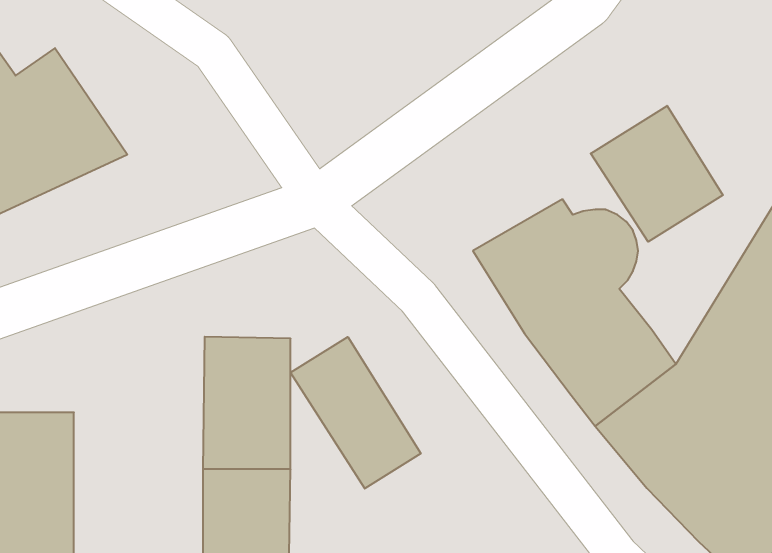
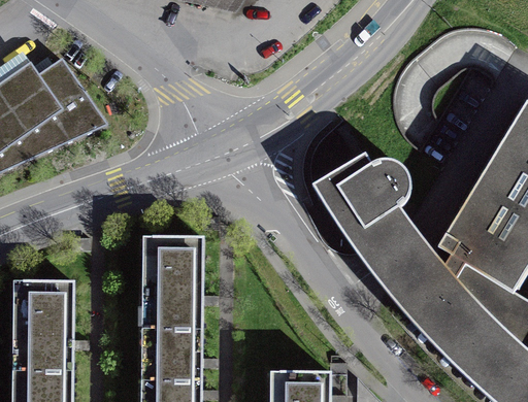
building: [591,106,723,242] -> none
building: [291,337,421,489] -> none

